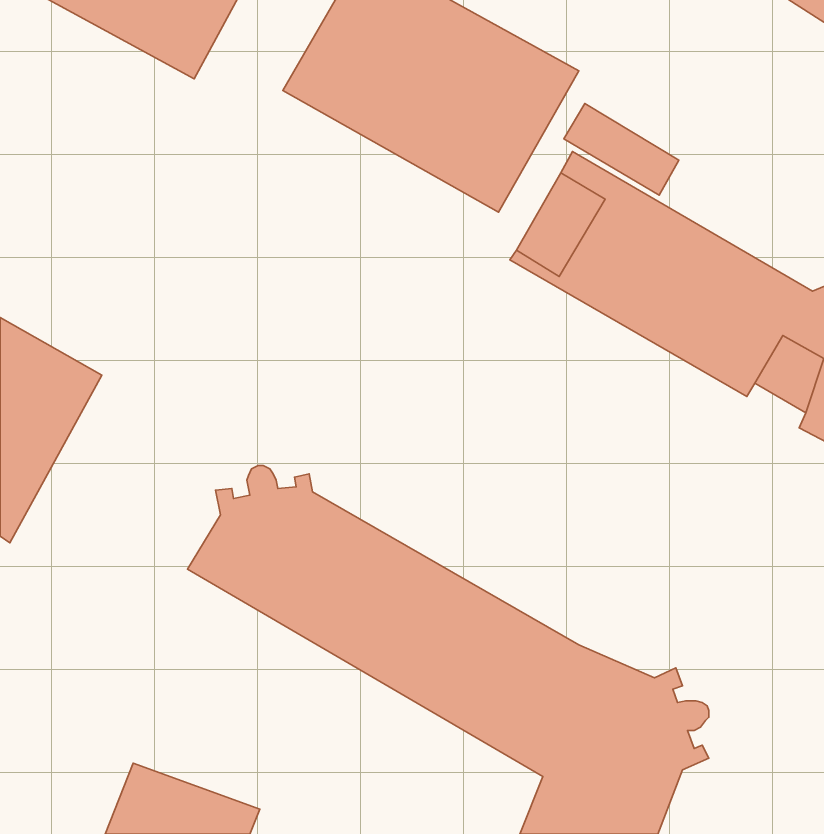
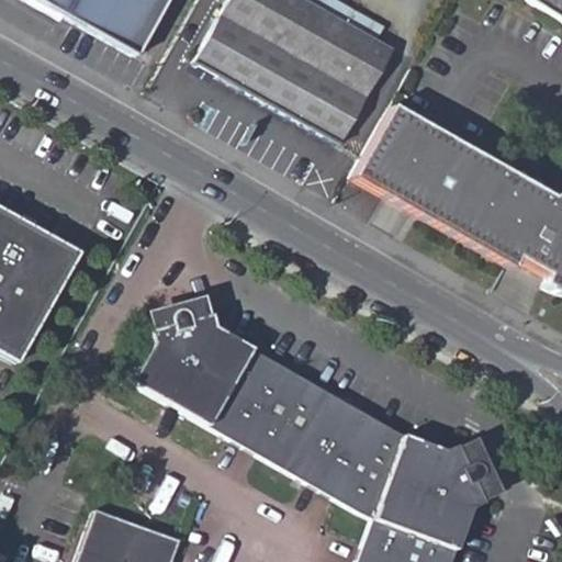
building: [564,104,679,195] -> none

